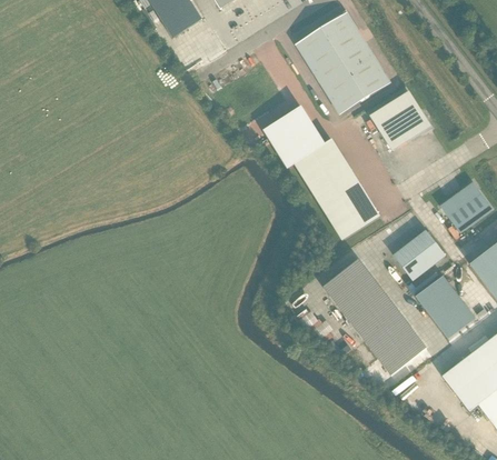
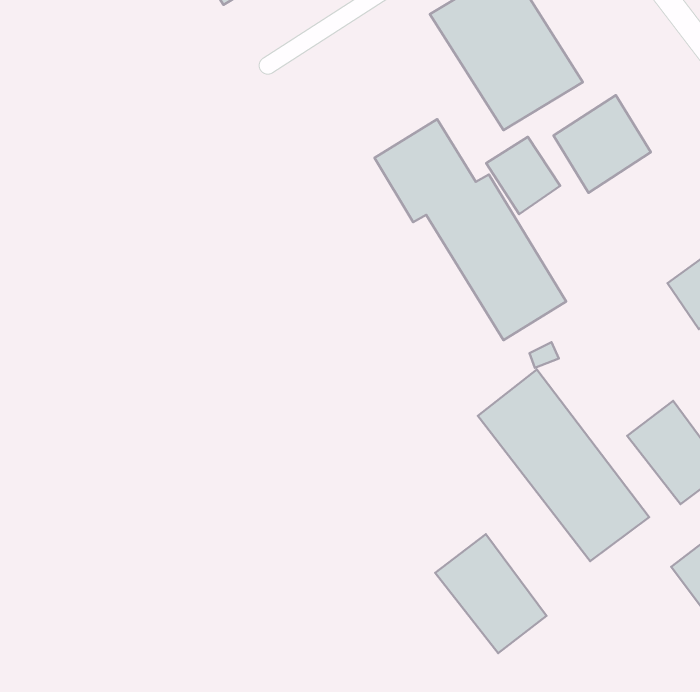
building: none -> [486,137,560,214]
building: [392,230,444,279] -> none
building: none -> [435,534,546,653]

